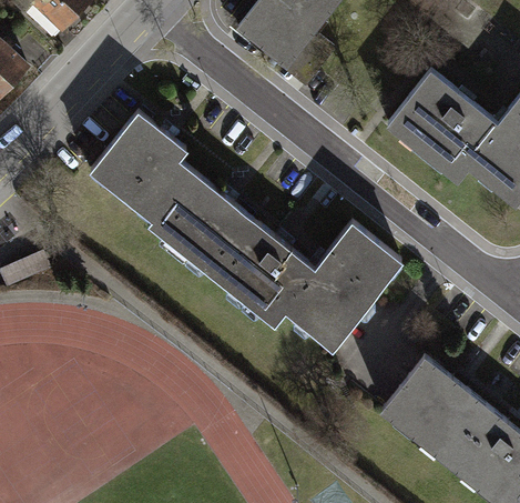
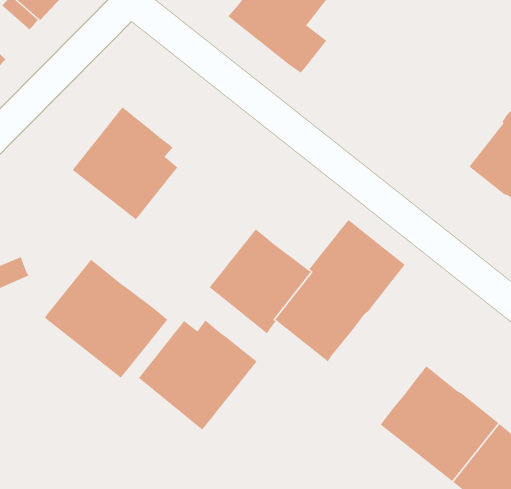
building: [386,73,498,182] -> none
building: [146,170,264,283] -> [44,259,168,379]
building: none -> [138,320,257,431]

